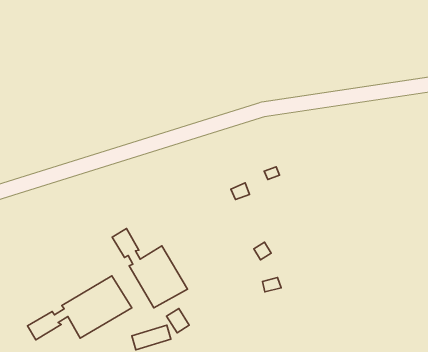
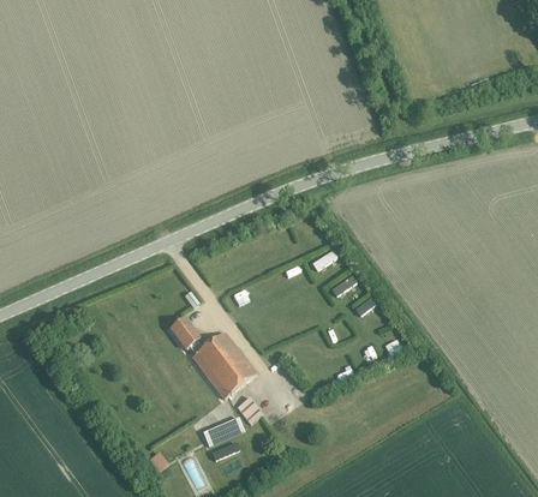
building: [27,276,132,340] -> none

